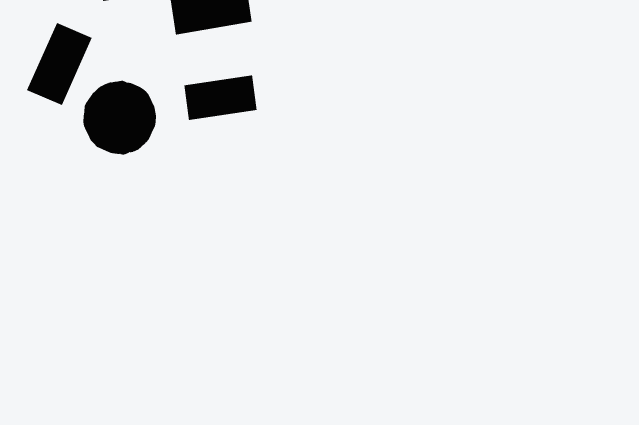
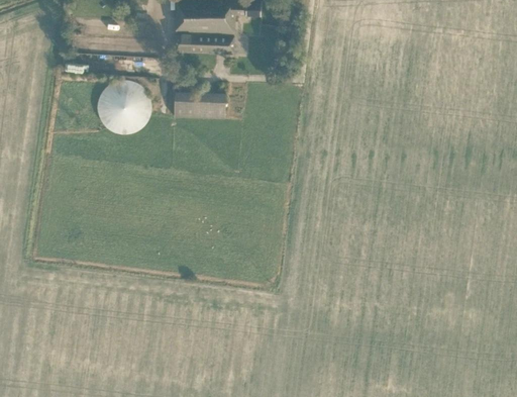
building: [26,22,93,106] -> none

